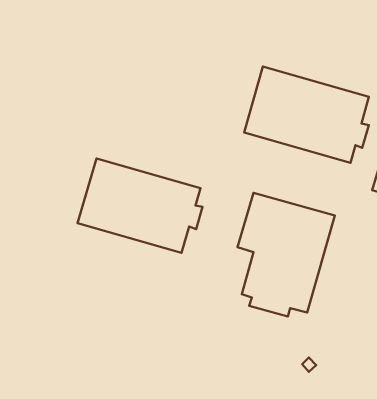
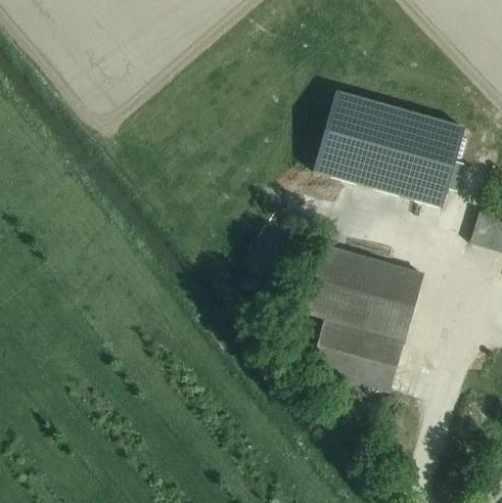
building: [78,159,202,253] -> none

